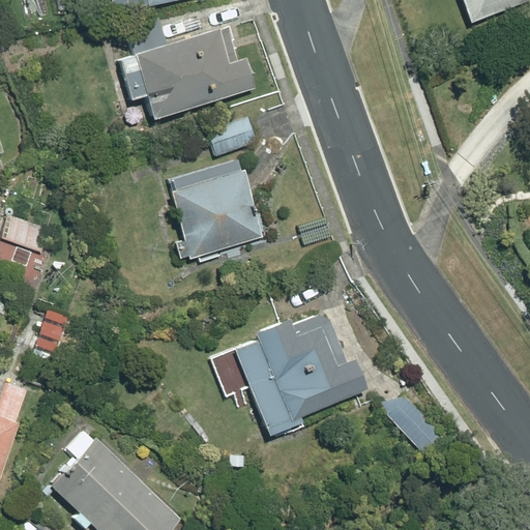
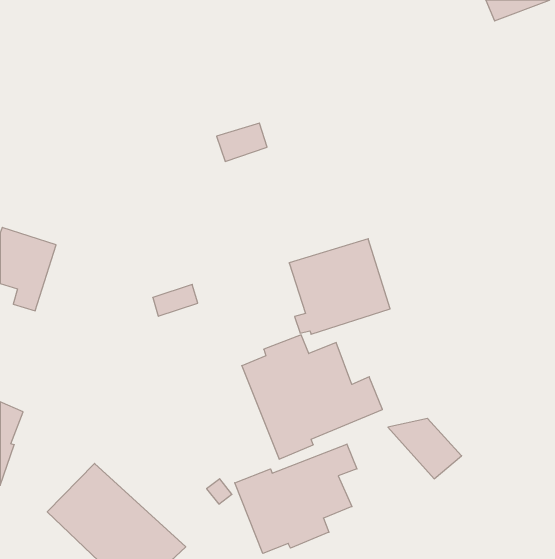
building: [132,27,256,117] -> none
building: [170,169,265,259] -> [289,239,390,334]
building: none -> [235,444,357,553]

